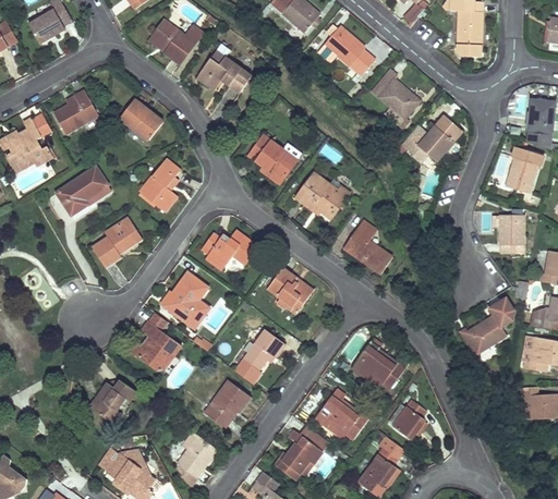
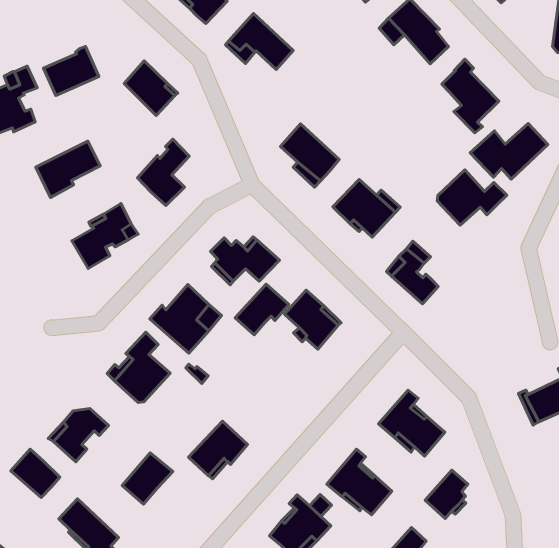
building: none -> [437,170,507,225]
building: [242,328,283,369] -> [235,284,289,335]
building: none -> [11,449,60,497]
building: [178,434,217,475] -> [122,453,173,504]

